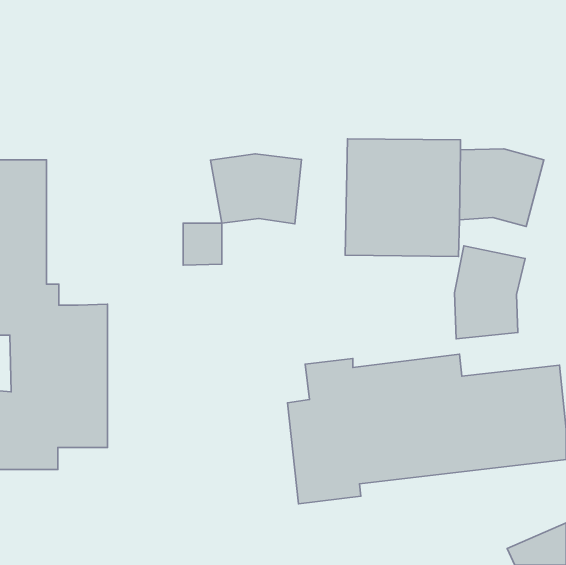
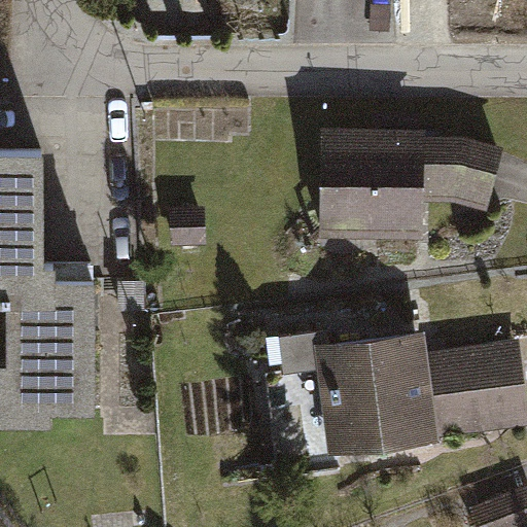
building: [211,154,302,224] -> none
building: [454,246,525,339] -> none

